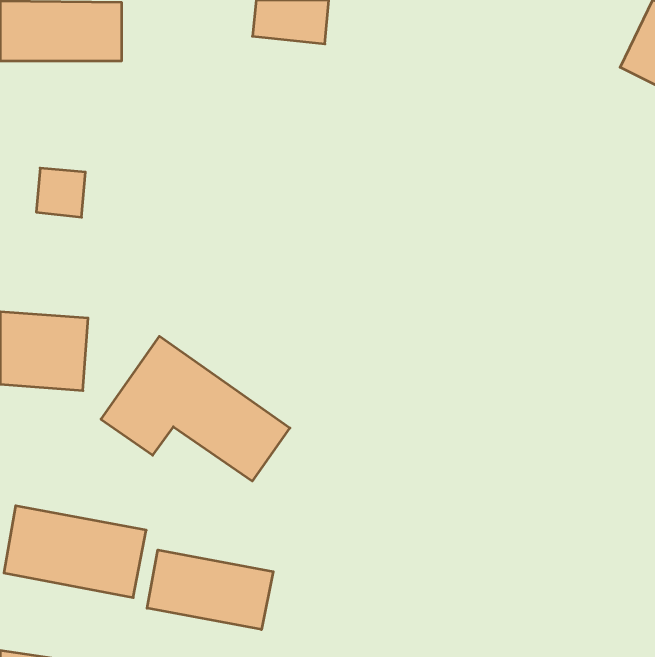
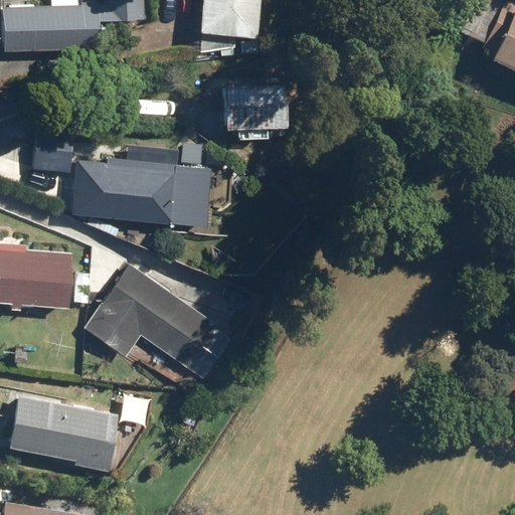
building: none -> [223,84,288,128]
building: none -> [73,159,213,225]
building: [147,550,273,630] -> none

